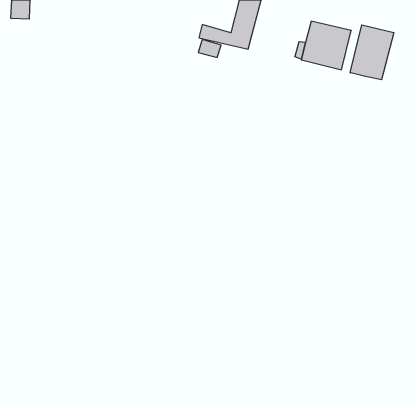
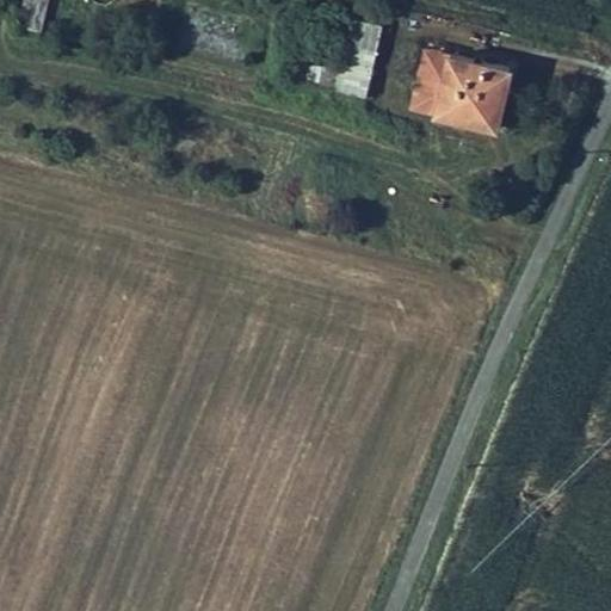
building: [350,25,394,80] -> none

